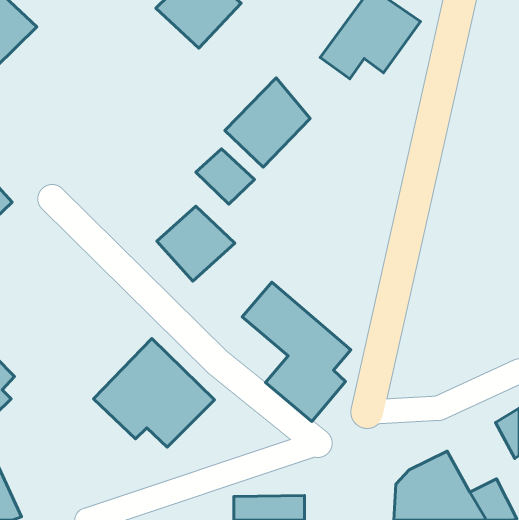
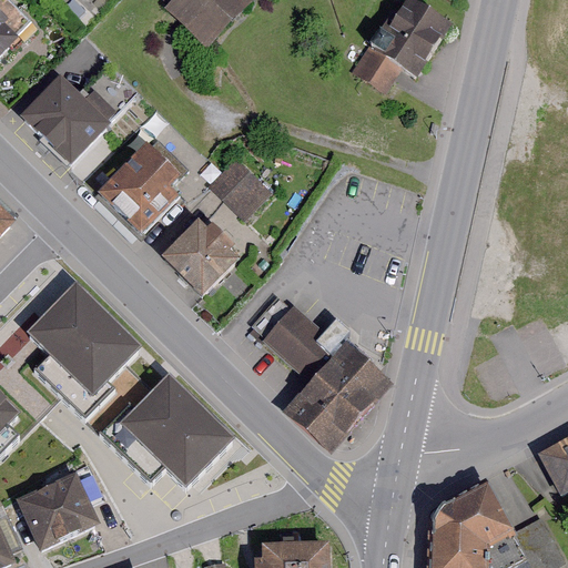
building: none -> [12,59,135,163]
building: [225,78,310,167] -> none
building: none -> [104,143,202,240]
building: none -> [22,277,138,412]
building: none -> [14,468,100,555]

